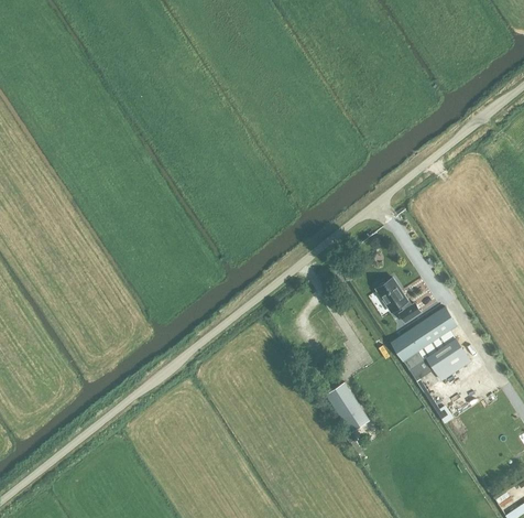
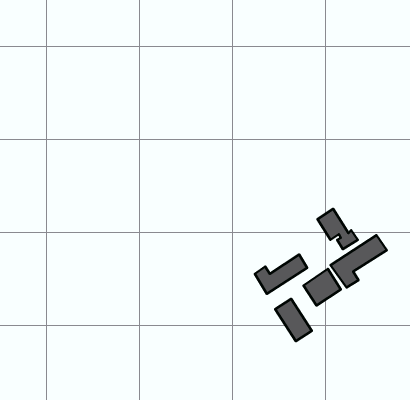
building: none -> [255,255,307,294]
building: [425,337,469,380] -> [303,269,341,305]

